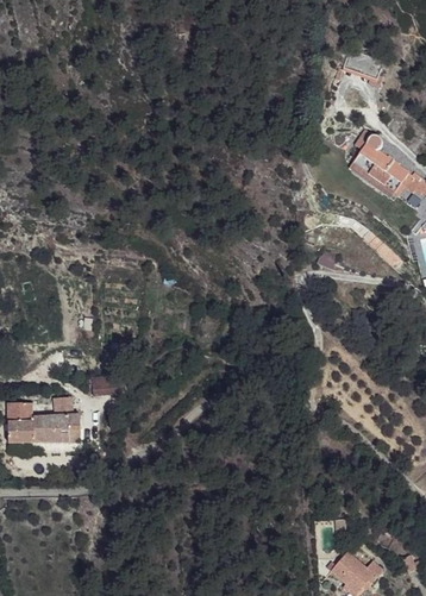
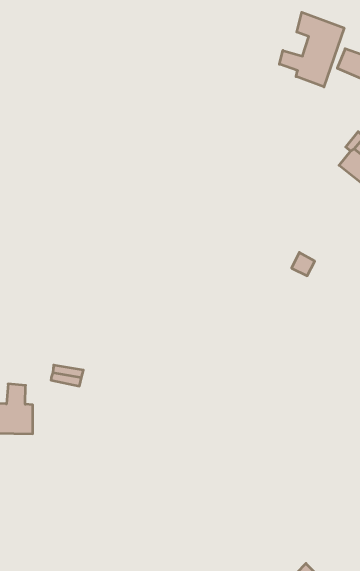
building: none -> [279,12,344,87]

